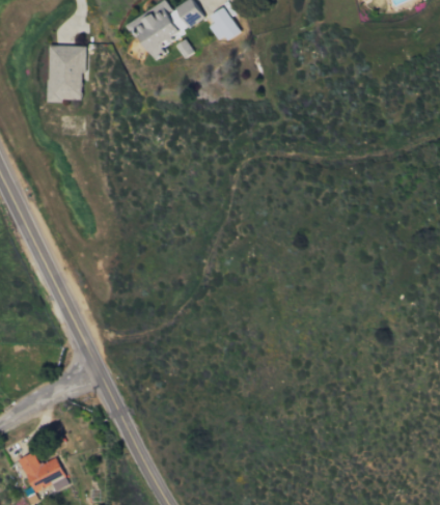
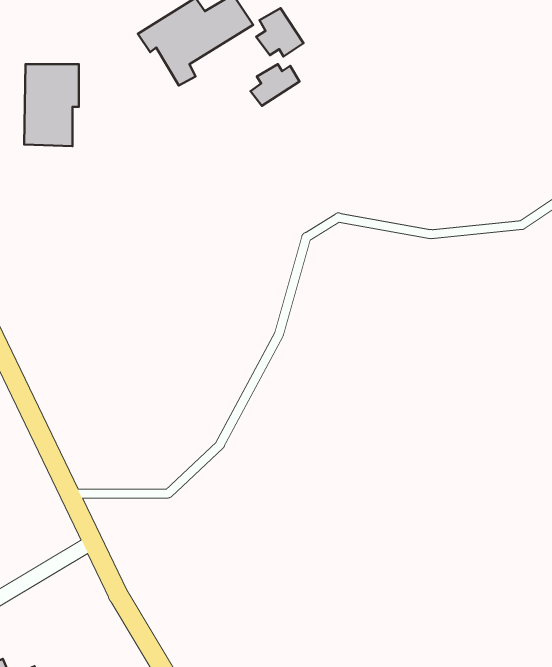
building: none -> [250,64,299,106]

